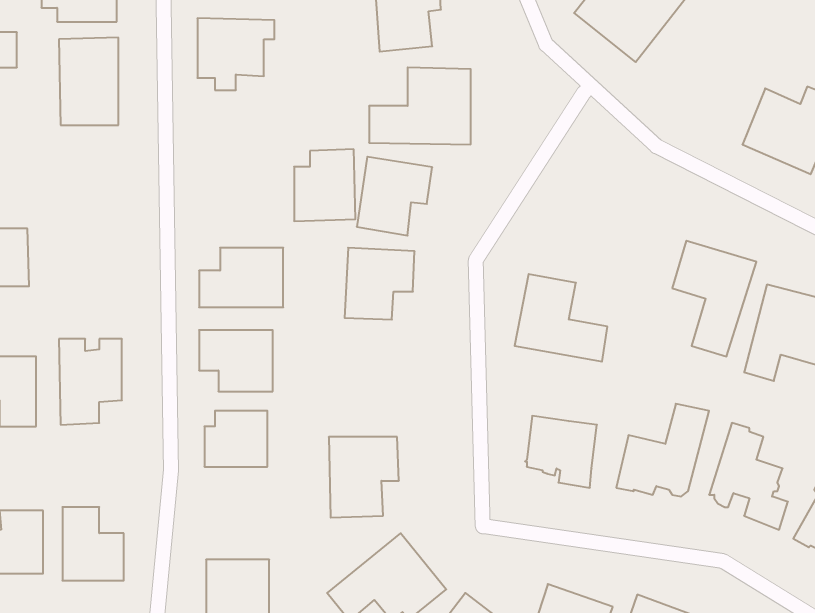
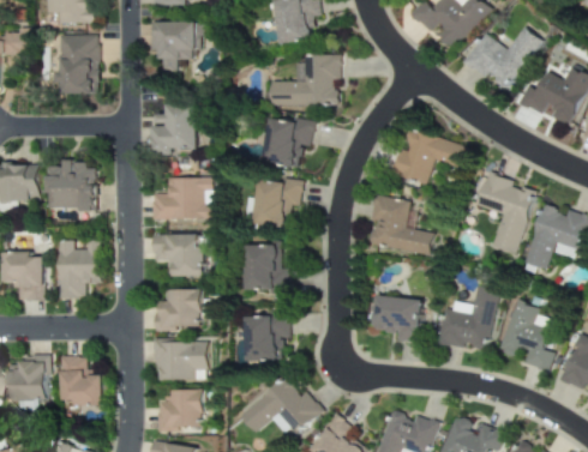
building: none -> [463,26,539,89]
building: [294,149,355,221] -> [154,102,196,151]
building: none -> [395,128,469,185]
building: none -> [47,161,96,210]
building: none -> [244,245,290,294]
building: none -> [155,340,205,379]

